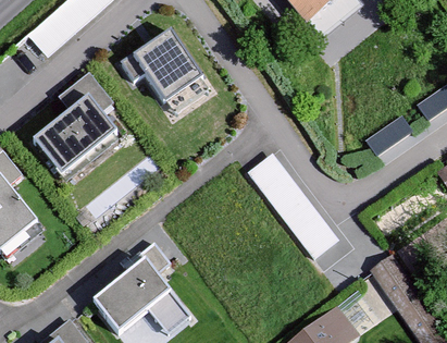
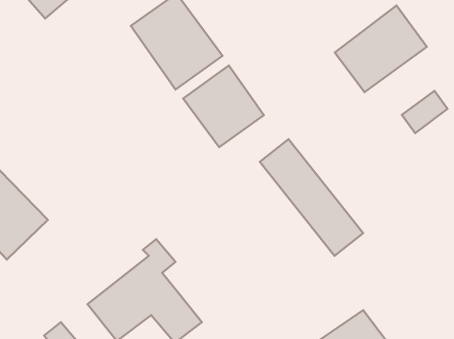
building: none -> [335,6,427,92]
building: [30,87,122,176] -> none
building: none -> [183,66,264,147]

